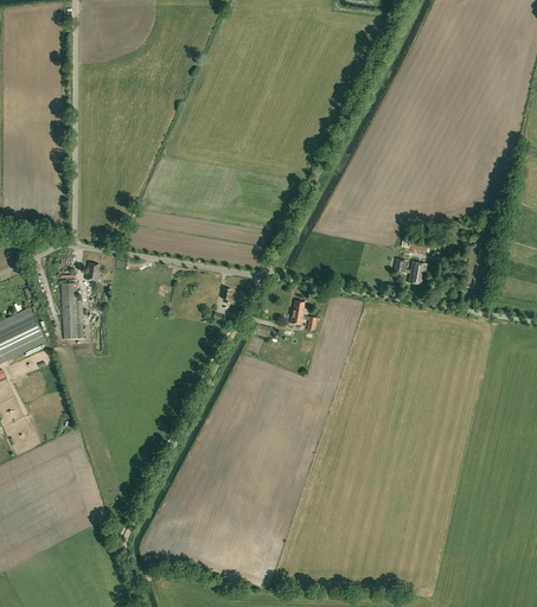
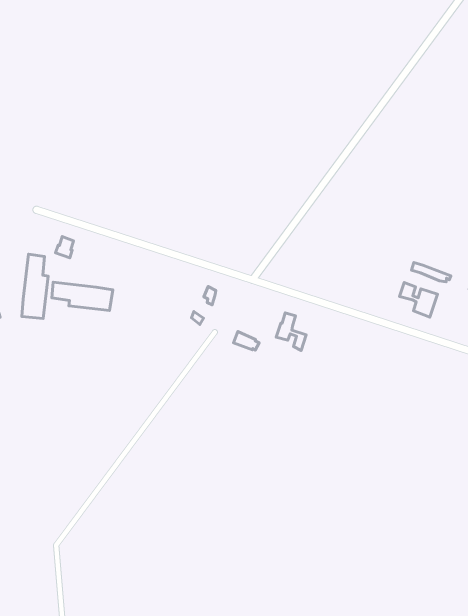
building: none -> [52,282,113,311]

